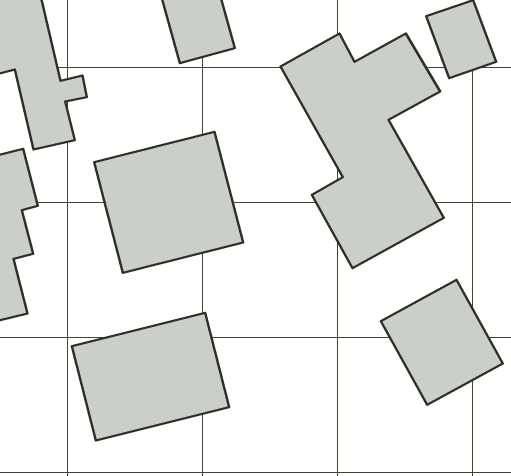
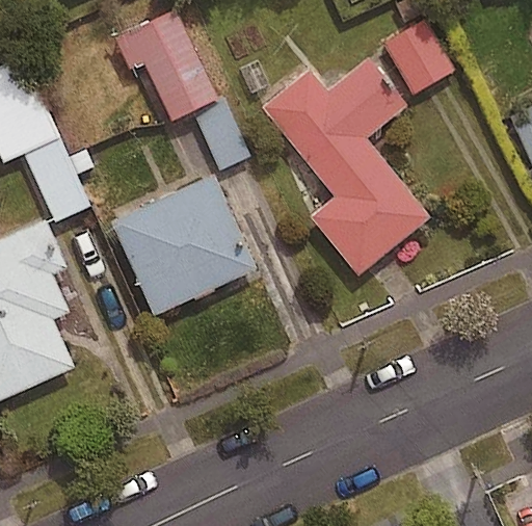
building: [381,280,503,405] -> none
building: [72,313,229,440] -> none

